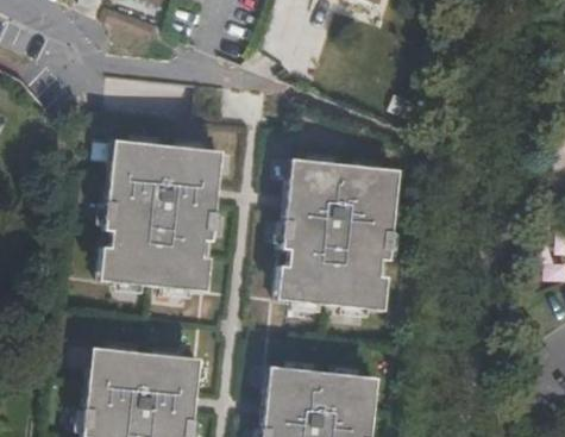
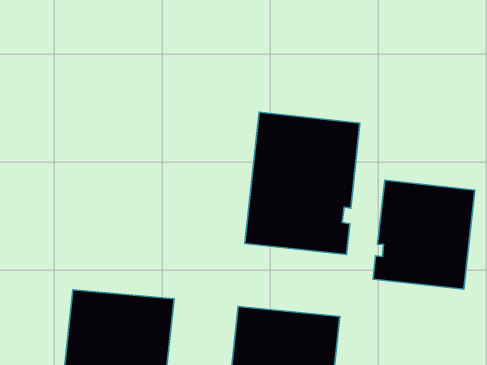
building: [96,141,220,294] -> none
building: none -> [373,180,475,289]

